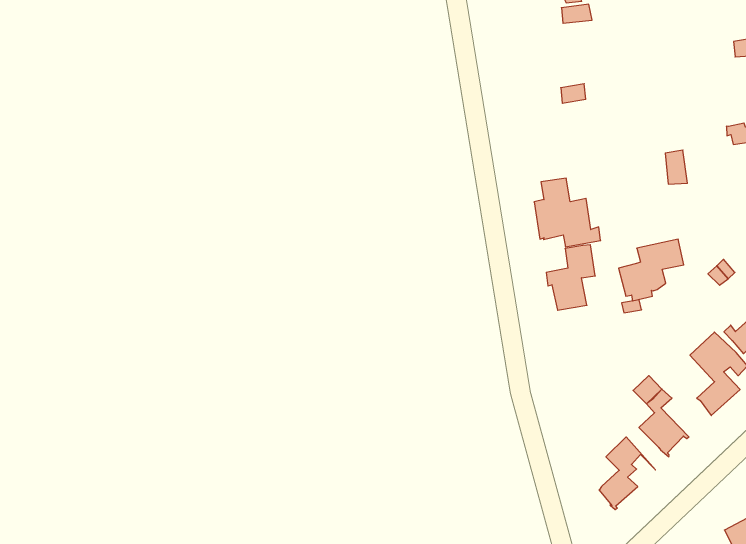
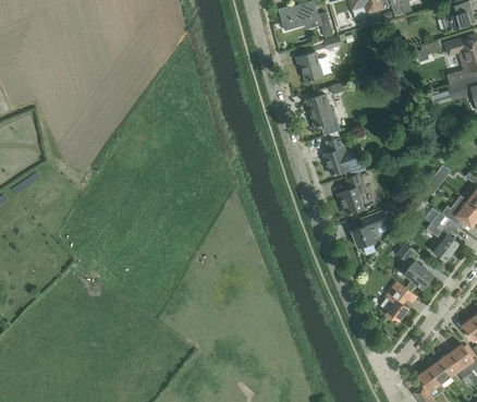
building: none -> [302,51,331,81]
building: none -> [307,94,340,135]
building: [619,239,684,301] -> [352,209,389,248]

